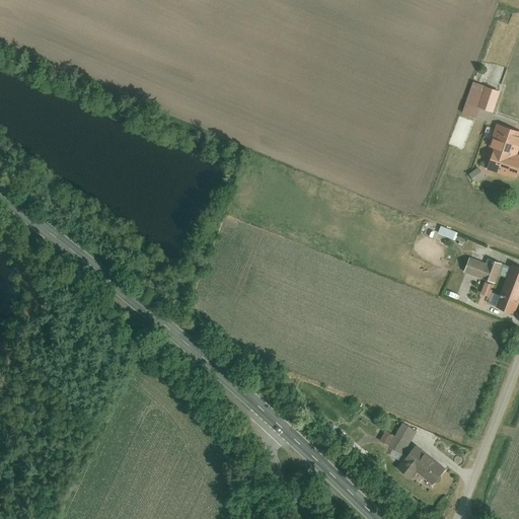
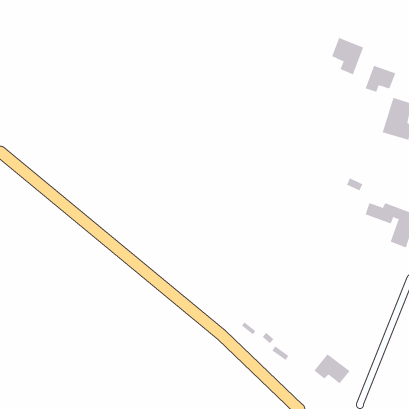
building: none -> [332,37,364,75]
building: [379,423,417,454] -> none

